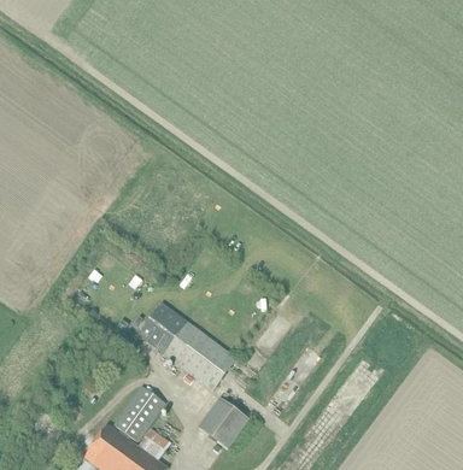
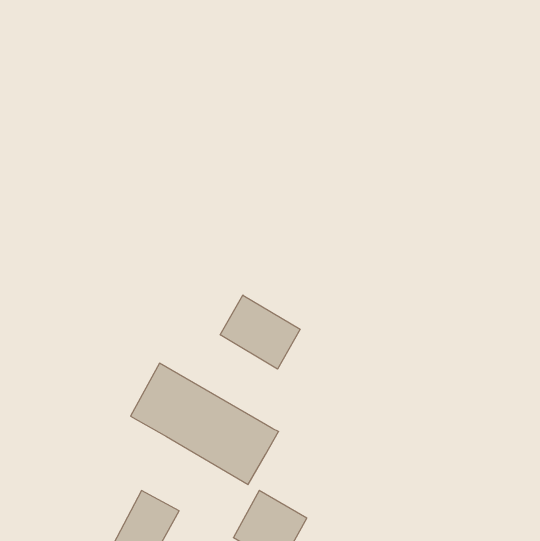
building: none -> [220,295,300,369]

